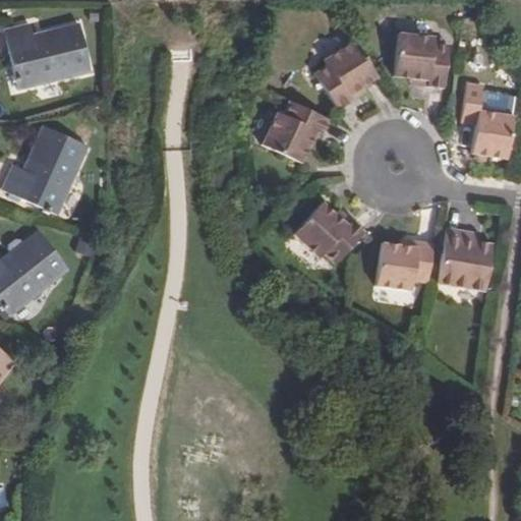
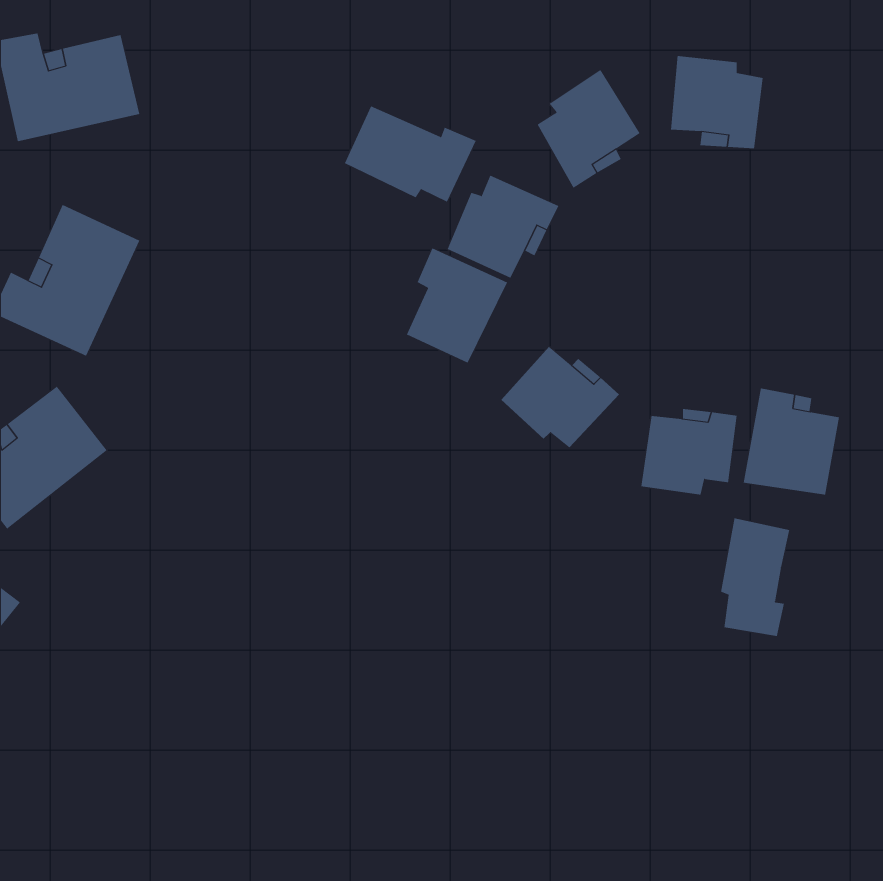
building: none -> [344,106,477,203]
building: [462,83,514,160] -> none
building: none -> [406,248,508,364]
building: none -> [721,517,790,637]

